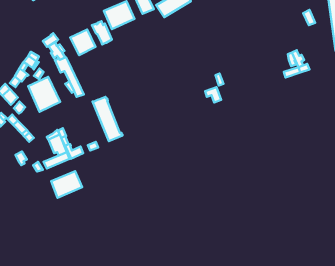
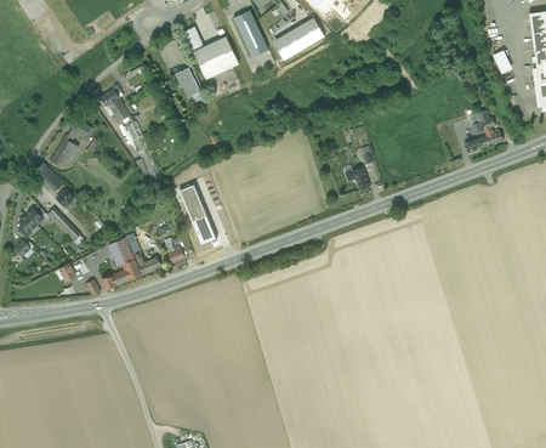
building: [70,30,96,55] -> none
building: [28,77,60,112] -> none
building: [51,171,82,198] -> none

